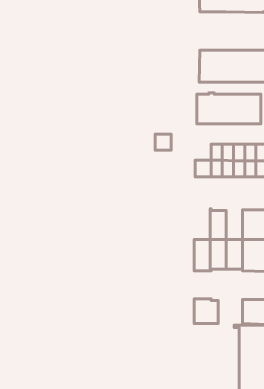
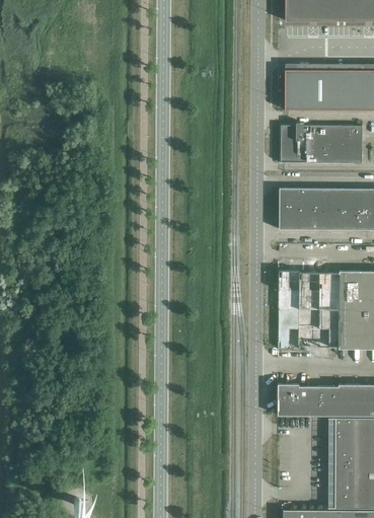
building: [155,134,171,150] -> [279,189,299,209]
building: none -> [278,271,298,309]
building: none -> [318,273,339,309]
building: none -> [308,386,339,416]

